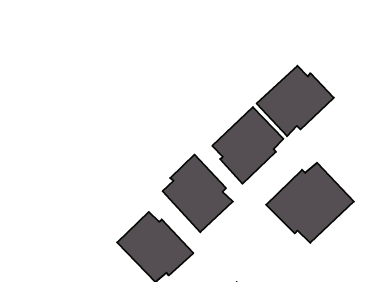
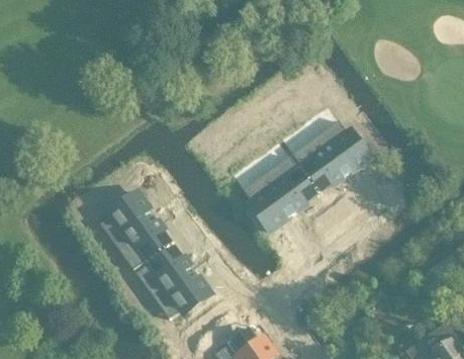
building: [163,155,233,232] -> [100,190,169,268]
building: [266,163,354,243] -> none

